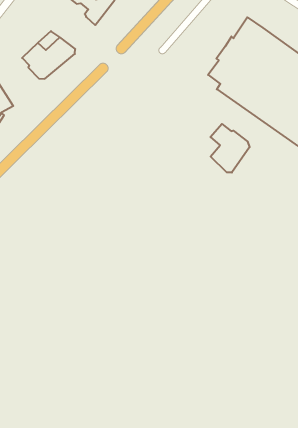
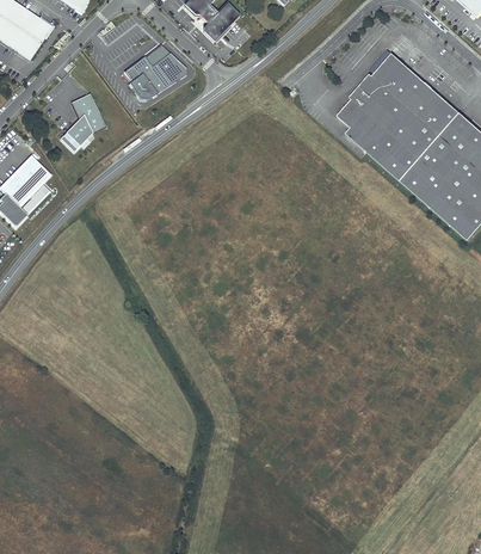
building: [210,124,250,173] -> none

